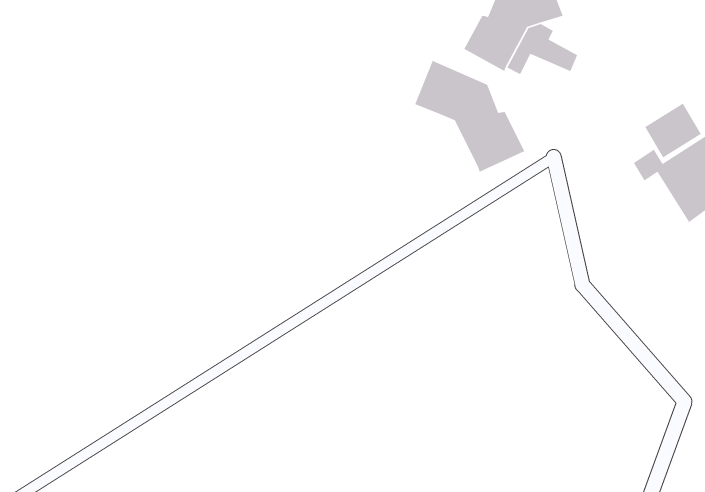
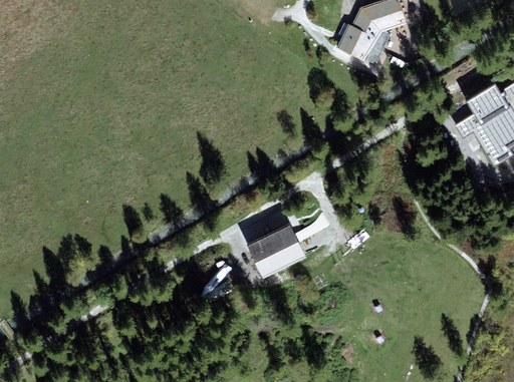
building: [414,60,526,173] -> none
building: none -> [245,224,304,275]

